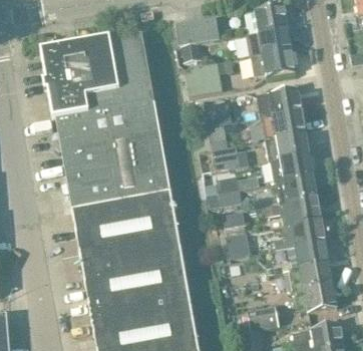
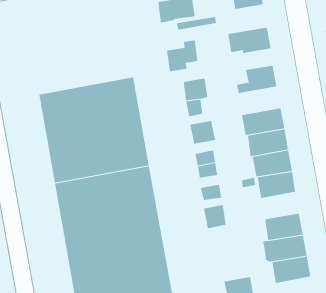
building: [247,26,292,56] -> none
building: [44,33,154,118] -> none
building: [262,110,306,139] -> none
building: [275,219,325,249] -> none

